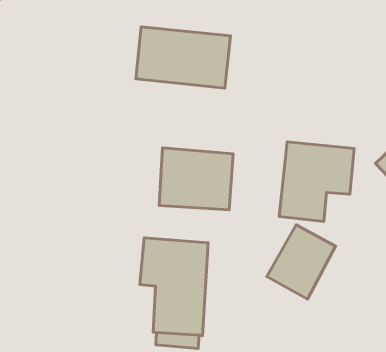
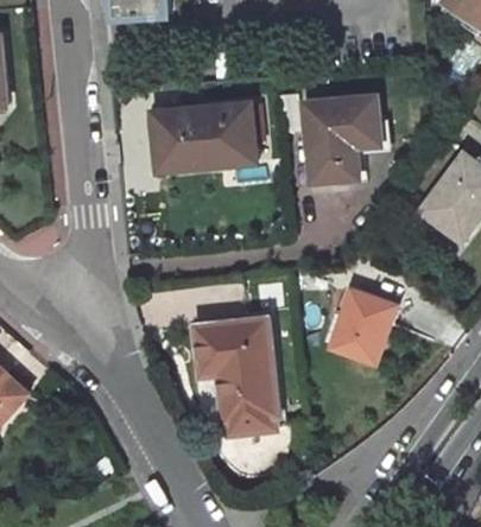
building: [279,142,354,222] -> [305,94,380,178]
building: [159,148,233,210] -> none

